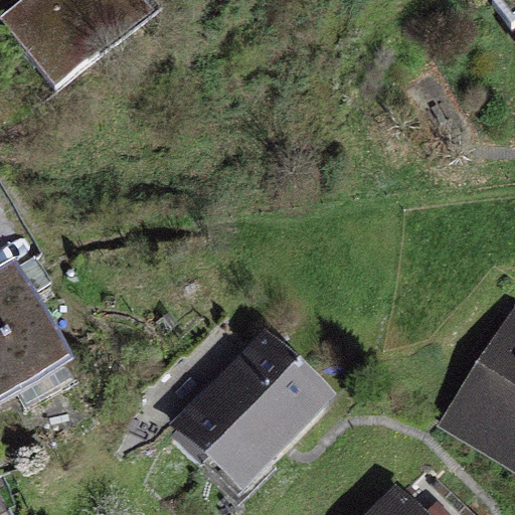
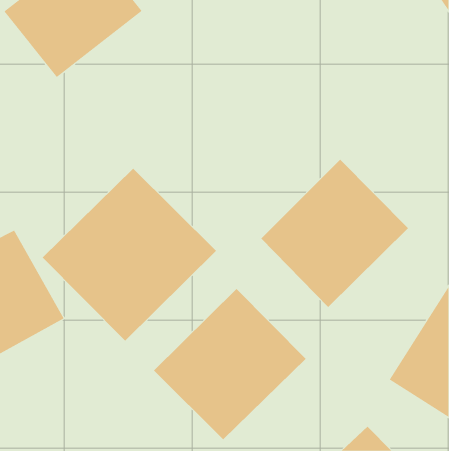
building: none -> [260,159,409,308]
building: none -> [42,168,217,341]

